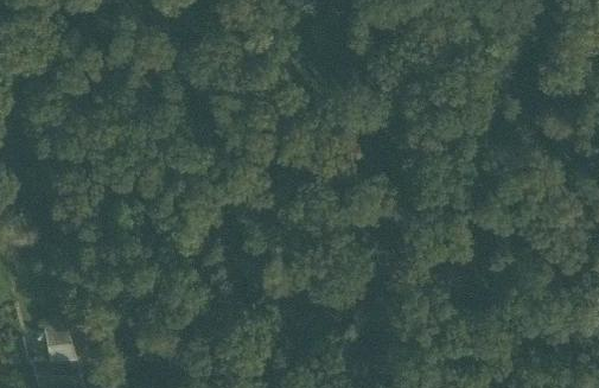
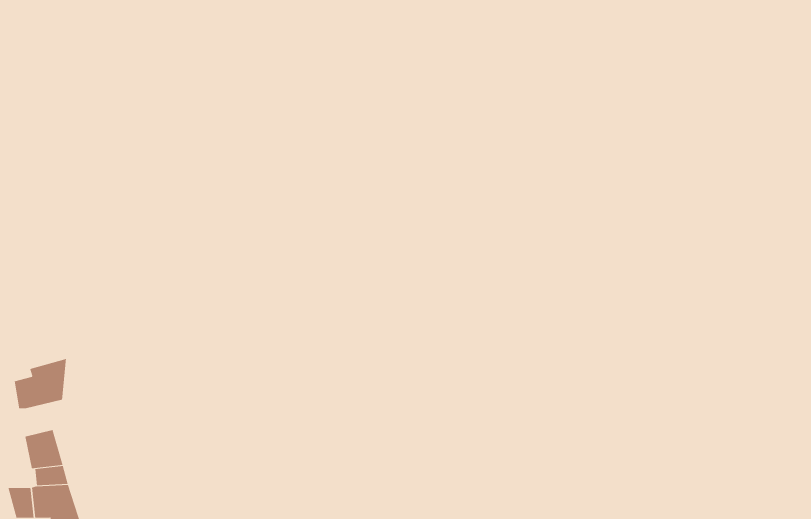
building: none -> [14,358,67,409]

